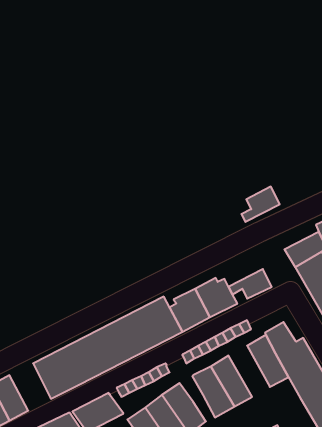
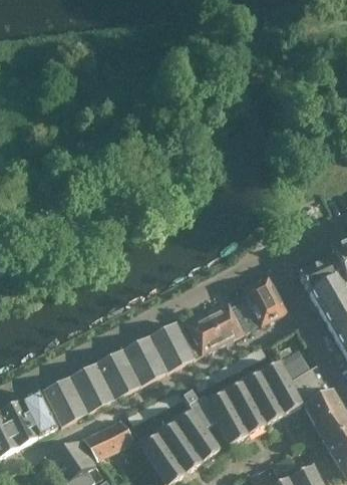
building: [241,187,280,222] -> [238,275,277,311]
building: none -> [242,372,284,424]
building: none -> [183,391,216,429]
building: none -> [18,392,56,438]

